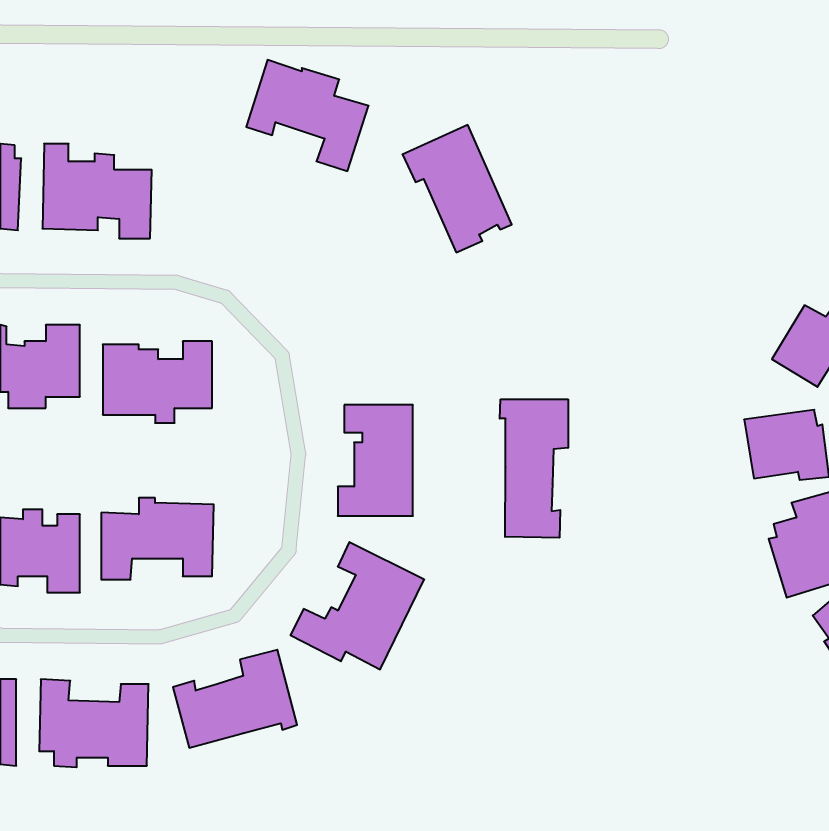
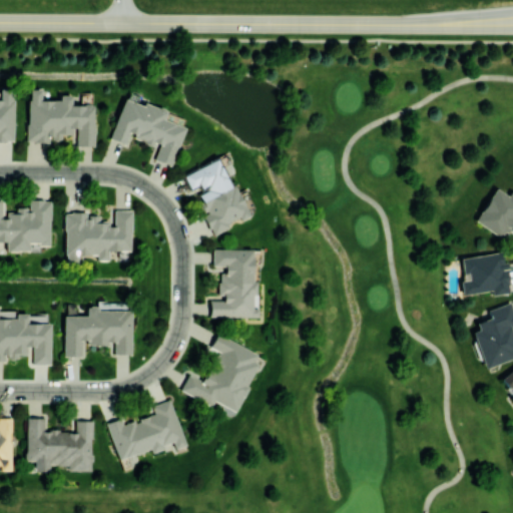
building: [246,60,369,171] -> [111,99,186,167]
building: [402,125,512,252] -> [182,157,249,235]
building: [500,399,568,538] -> none

